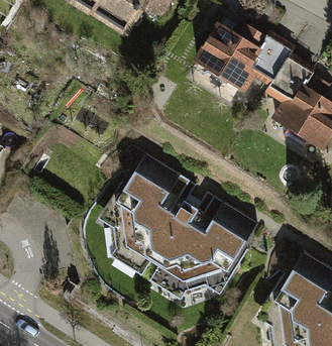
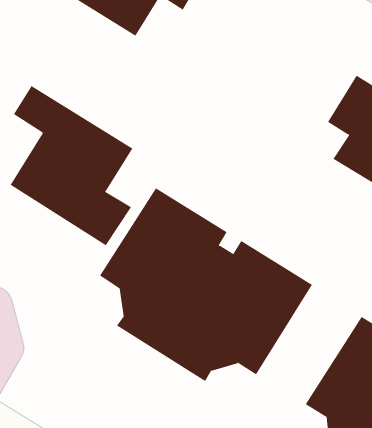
building: [187,11,291,111] -> none
building: none -> [10,85,133,246]

